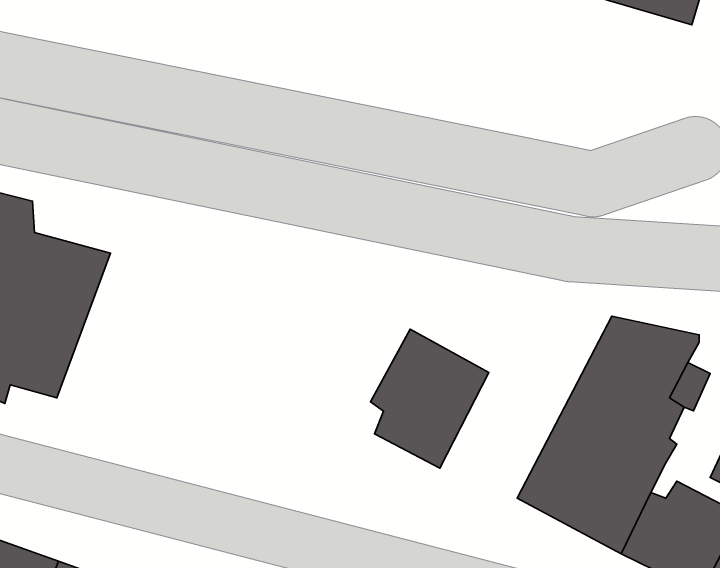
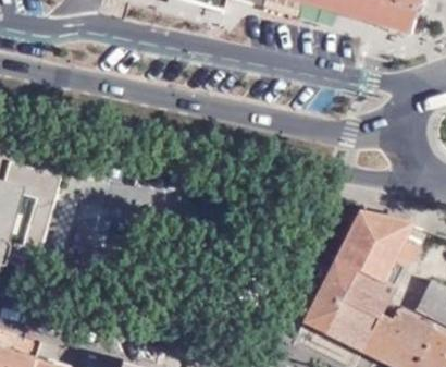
building: [371,329,489,468] -> none

